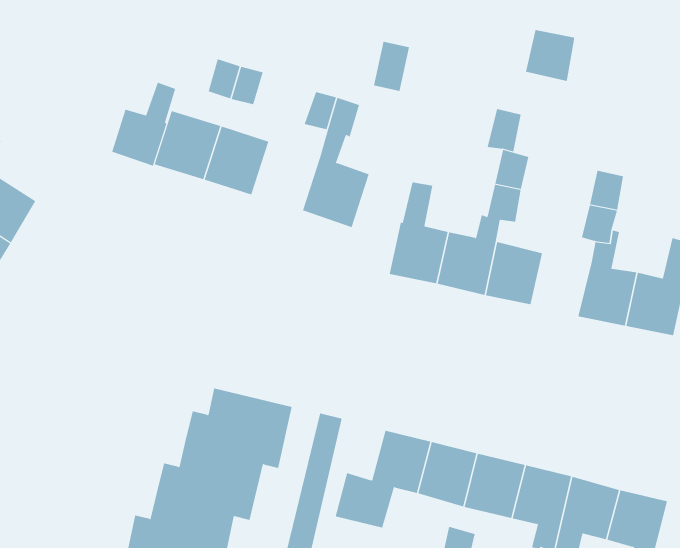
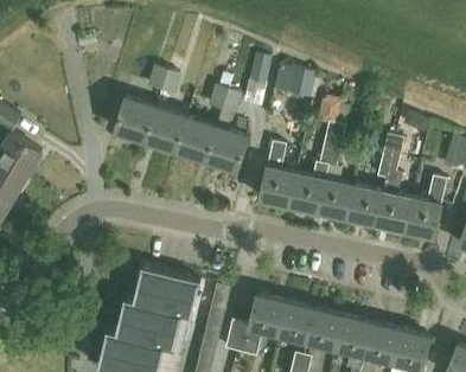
building: [525,30,575,82] -> [286,69,317,101]
building: [111,82,176,167] -> none
building: none -> [174,117,216,160]
building: none -> [346,186,383,225]

